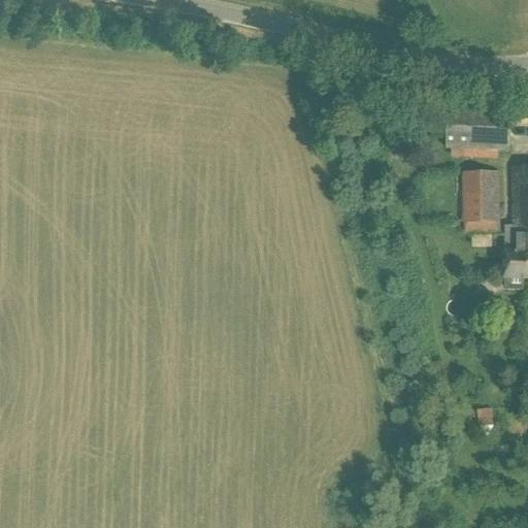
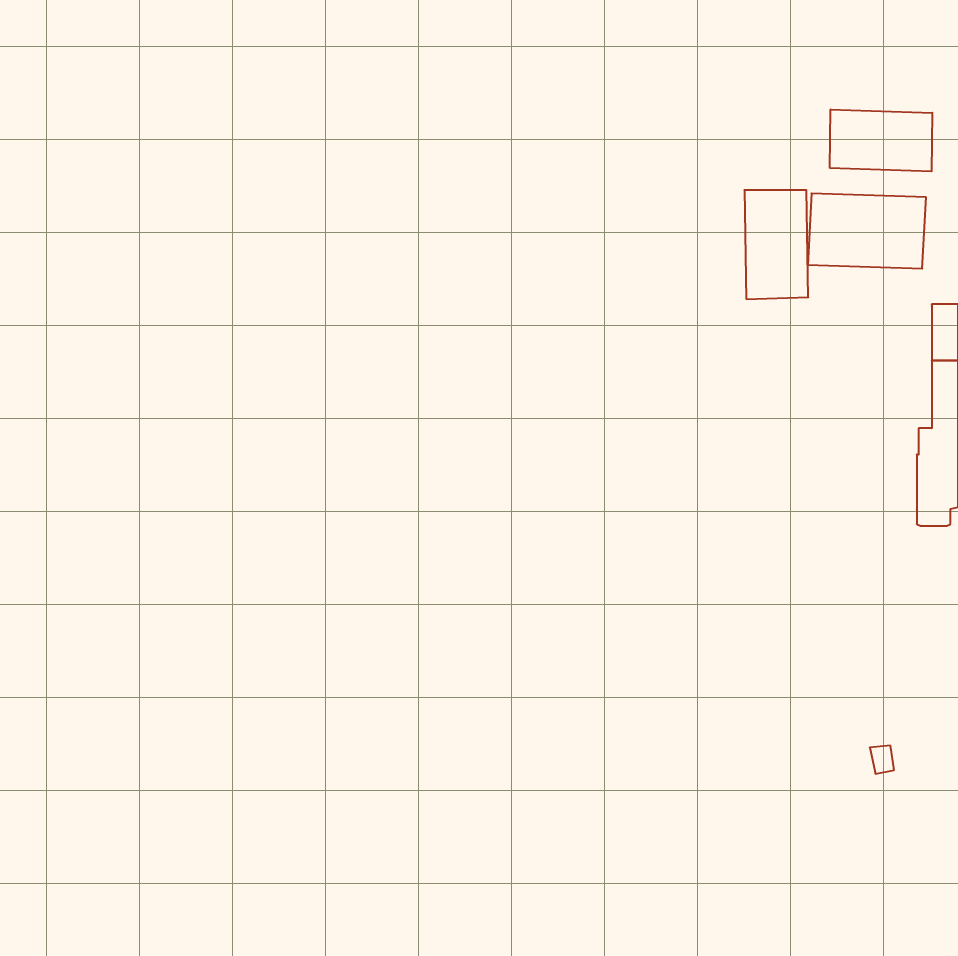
building: none -> [830,109,932,171]
building: [464,172,499,232] -> [744,190,808,299]

